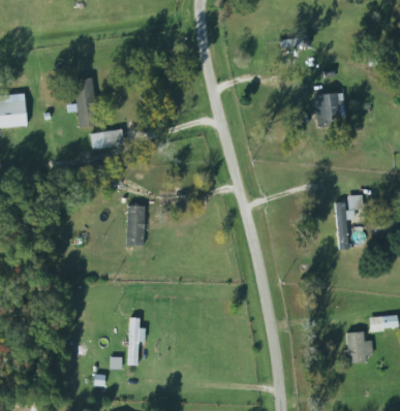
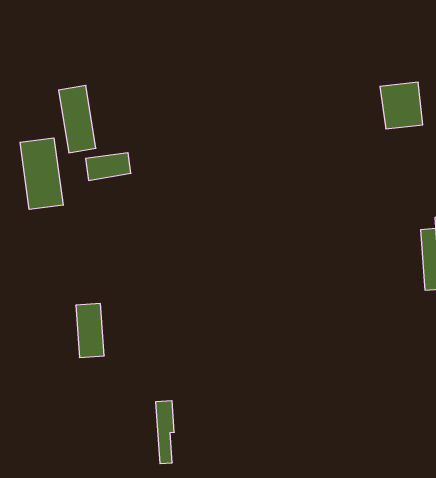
building: none -> [20,138,63,209]
building: [126,207,145,246] -> [76,304,104,357]

